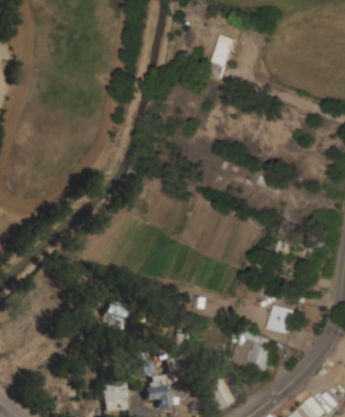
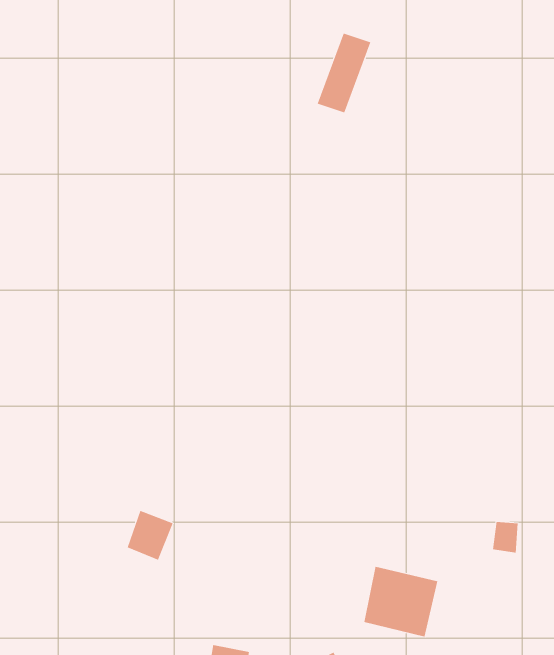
building: [267,305,293,334] -> none

